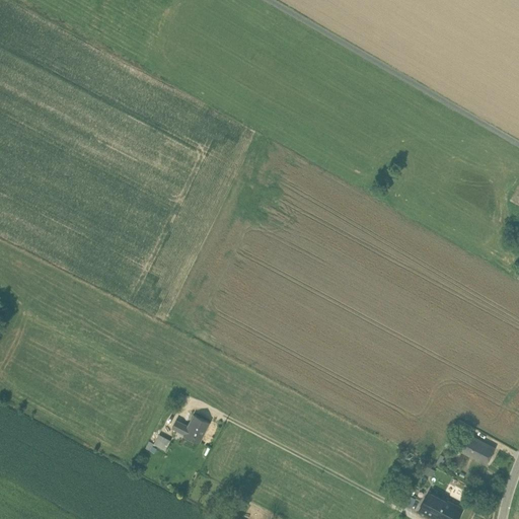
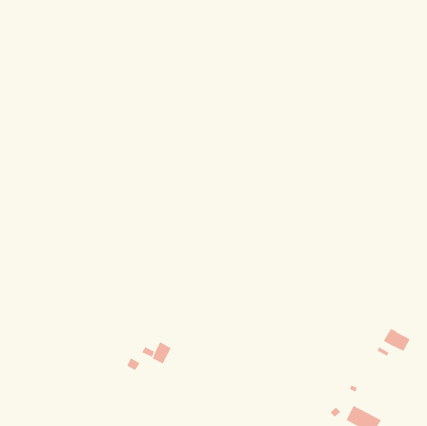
building: [460,437,494,465] -> [383,328,411,352]

